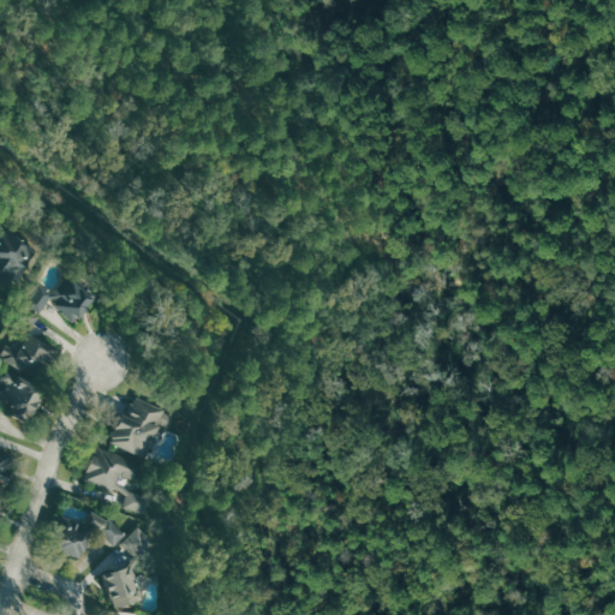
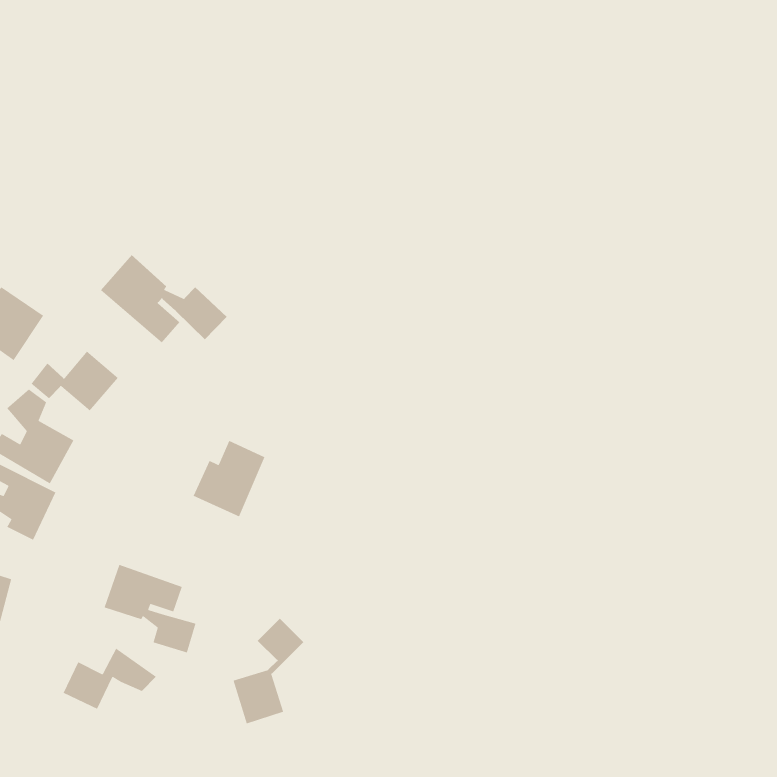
building: none -> [100,254,228,343]
building: [106,398,163,459] -> [192,440,266,518]
building: [100,525,156,609] -> [233,618,304,724]

